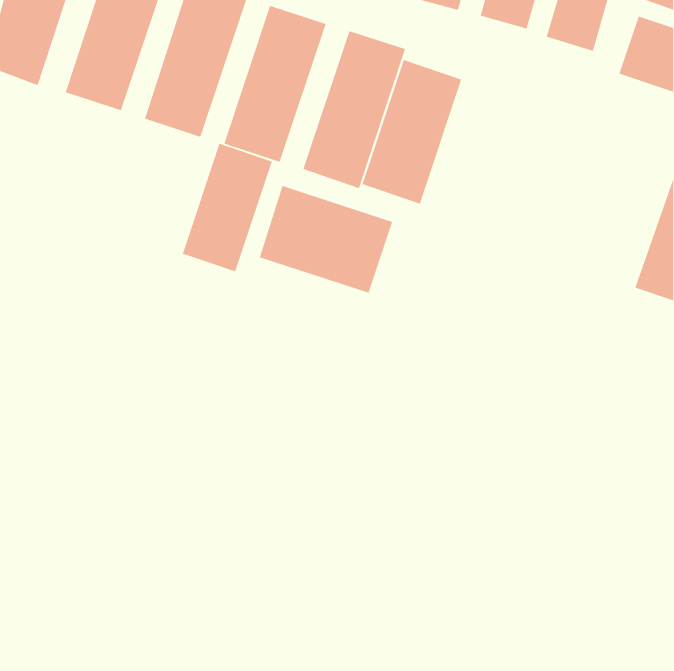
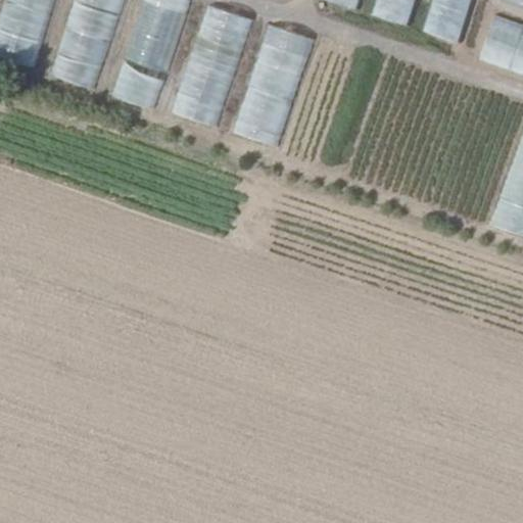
building: [362,59,462,204] -> none
building: [182,143,273,272] -> none
building: [259,185,393,294] -> none

